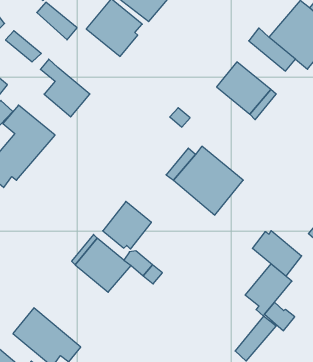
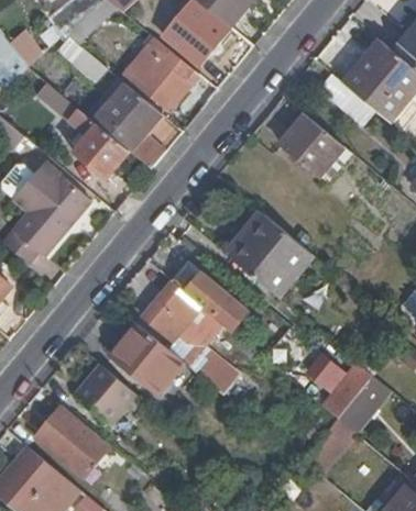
building: none -> [90,82,164,169]
building: none -> [172,263,247,331]
building: [252,231,302,276] -> none
building: none -> [74,364,136,426]

